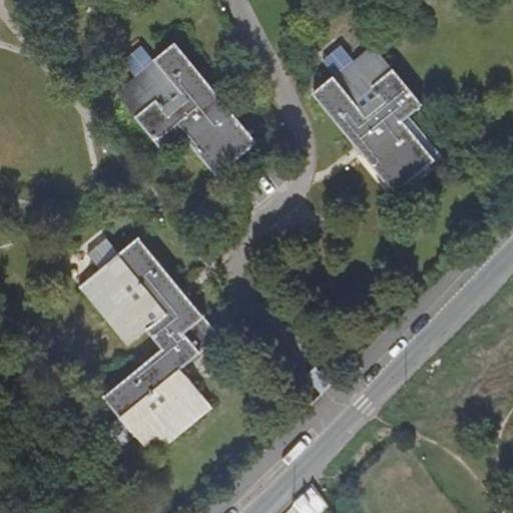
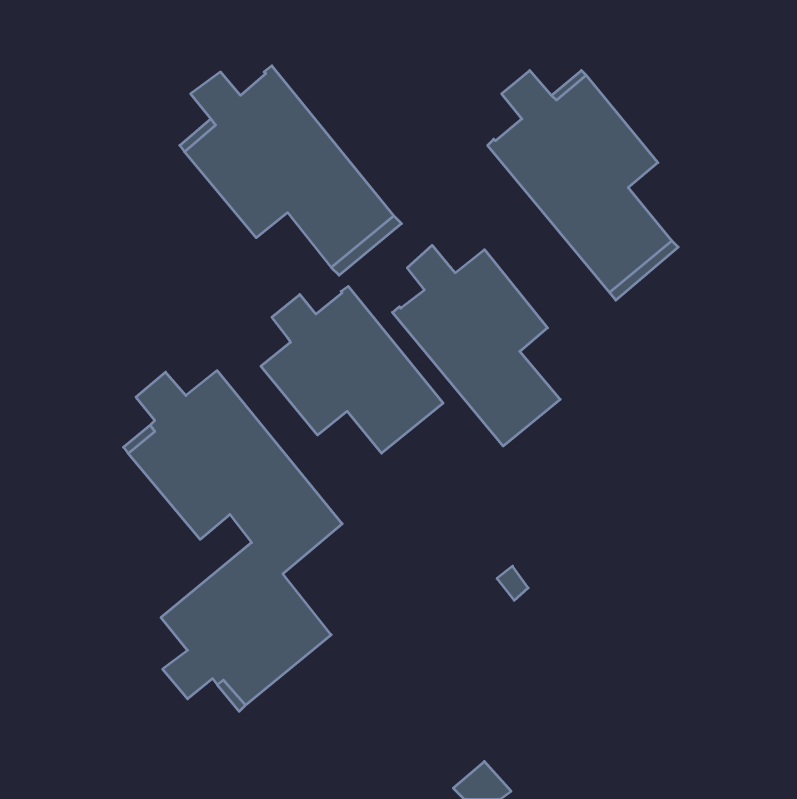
building: none -> [392,245,560,446]
building: none -> [261,286,443,453]

